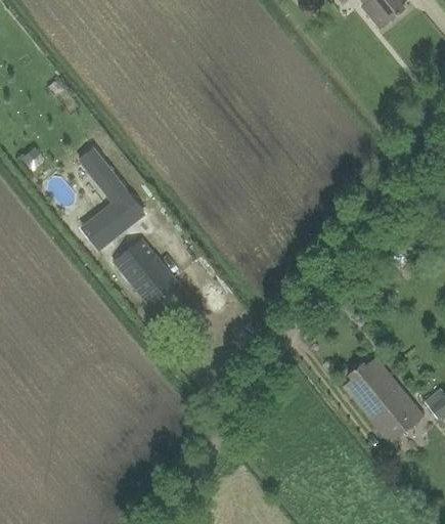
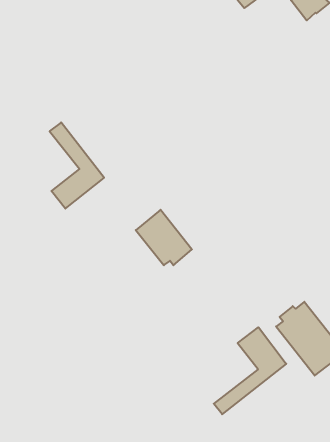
building: [114,237,179,302] -> [136,210,192,265]
building: none -> [214,327,286,414]

